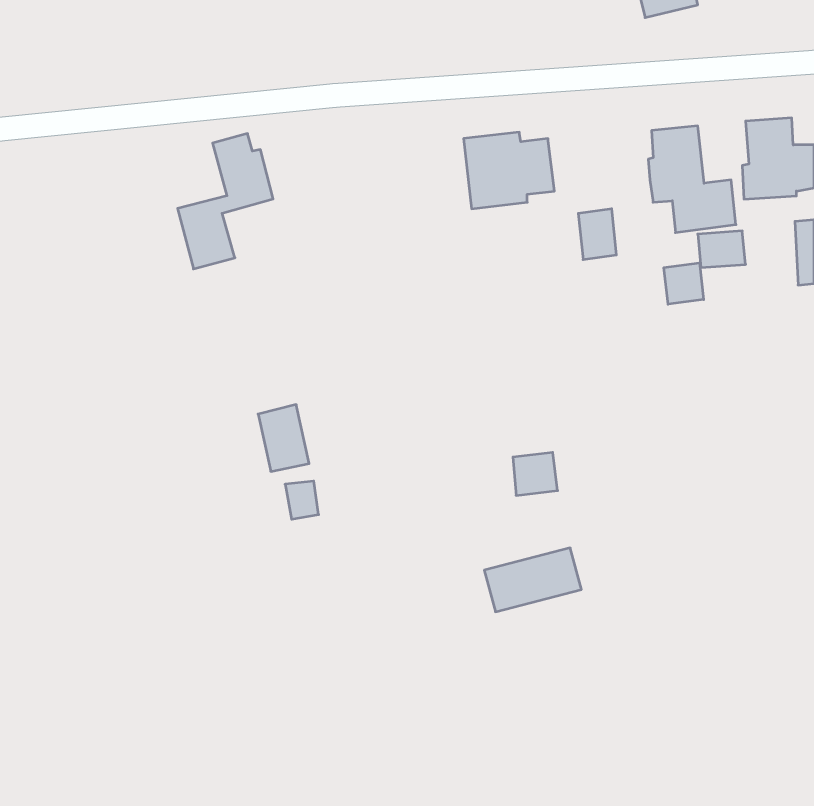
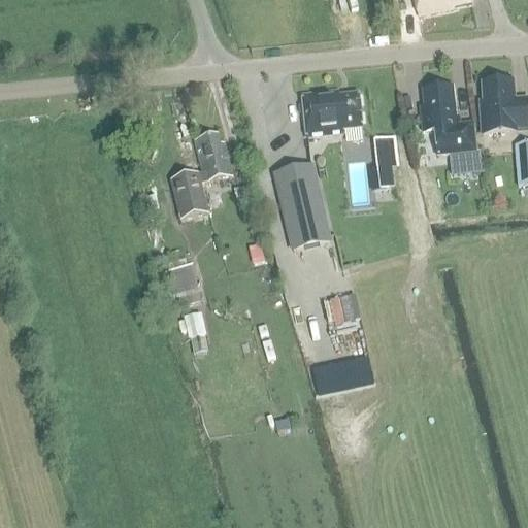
building: [178,134,273,269] -> [170,131,232,219]
building: none -> [272,163,332,250]
building: [664,263,704,304] -> none

